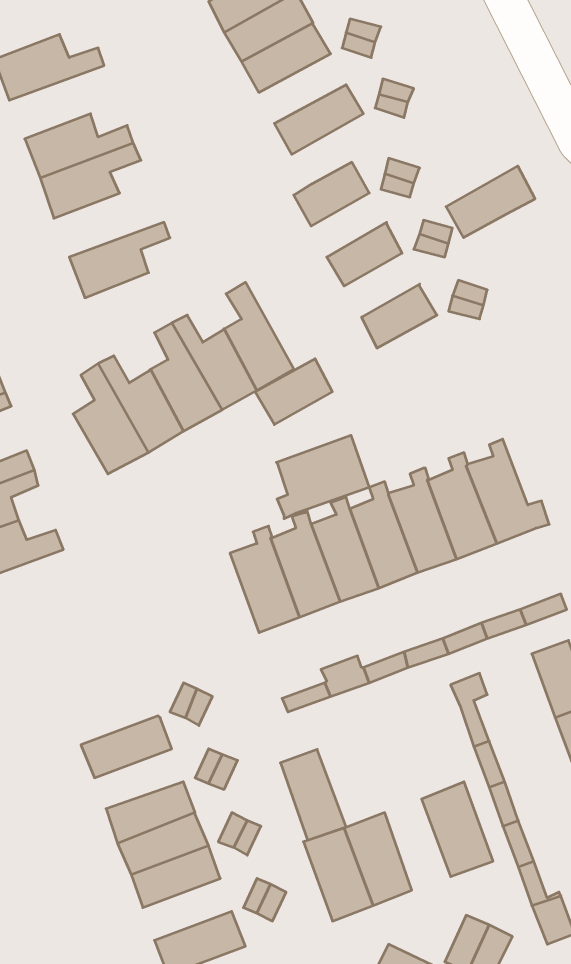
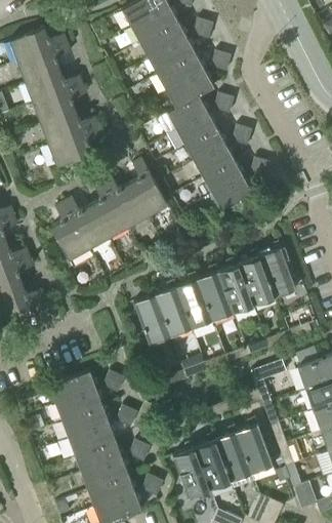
building: none -> [150,39,196,76]
building: none -> [17,45,71,84]
building: [446,166,535,238] -> [167,71,214,109]
building: none -> [41,113,99,147]
building: none -> [177,113,217,147]
building: none -> [195,145,235,178]
building: [255,359,332,425] -> [212,177,253,212]
building: [276,435,369,519] -> none
building: none -> [49,372,96,405]
building: none -> [63,407,110,439]
building: [280,749,346,840] -> [216,434,251,482]
building: none -> [88,476,135,509]

